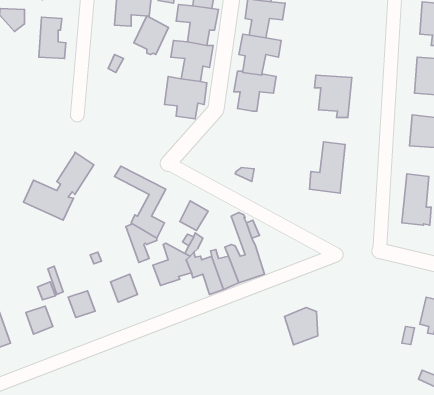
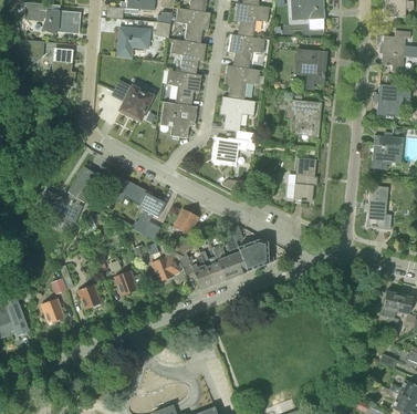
building: [134,16,169,54] -> [121,86,150,120]
building: none -> [295,50,326,83]
building: none -> [213,131,257,165]
building: [284,308,318,345] -> [239,239,268,271]

